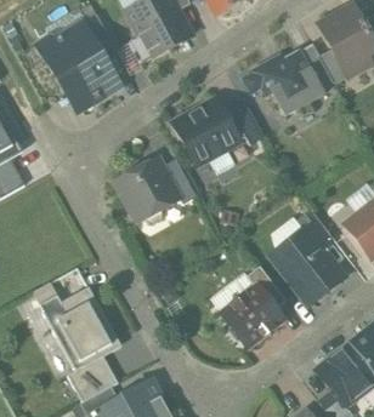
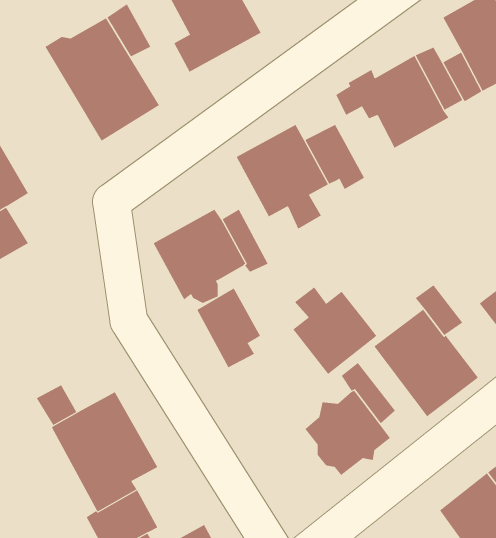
building: none -> [293,287,377,375]
building: none -> [196,287,261,368]

